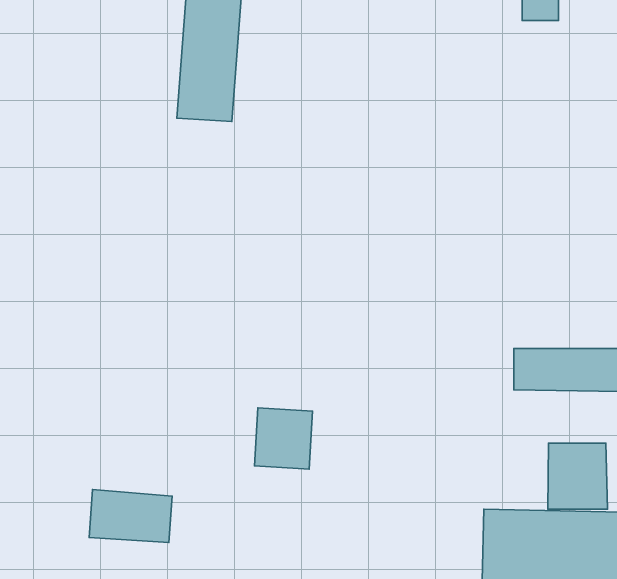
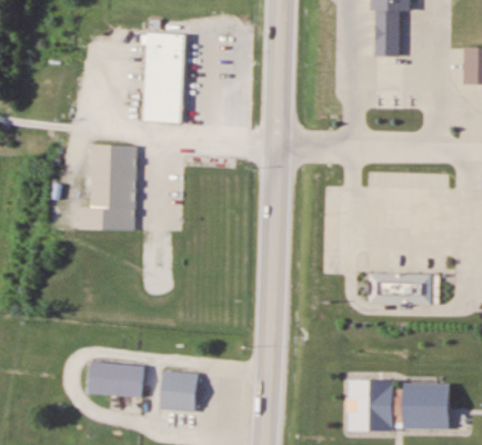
building: none -> [80,142,133,231]
building: [254,408,312,469] -> [157,377,195,418]
building: [548,443,607,509] -> none

